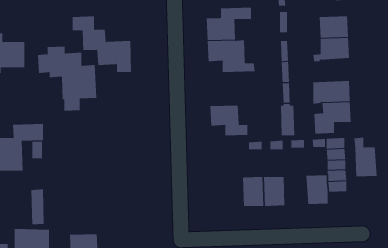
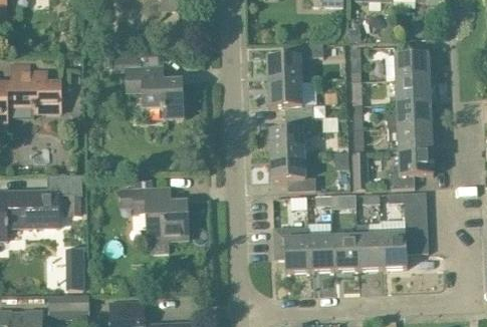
building: [37,46,97,111] -> [119,179,188,253]
building: none -> [387,100,431,127]
building: none -> [270,115,323,154]
building: [354,137,377,177] -> [355,223,383,268]
building: none -> [272,226,309,270]

